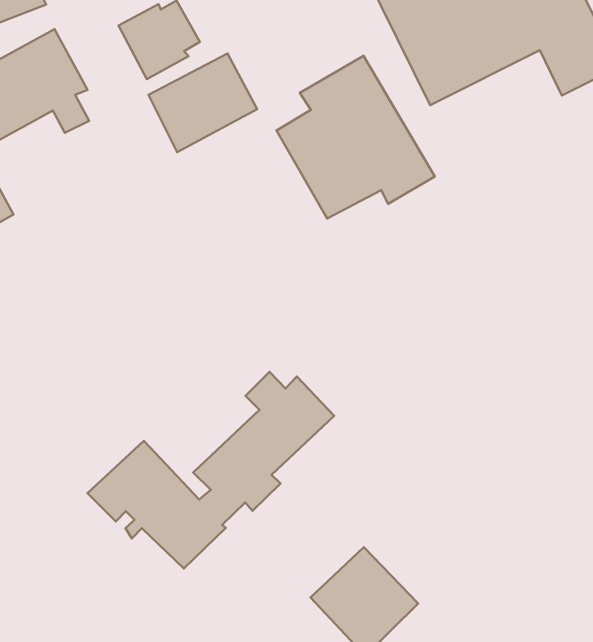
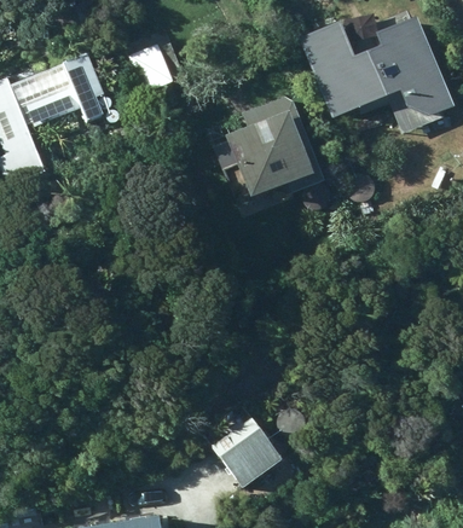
building: [148,54,257,152] -> none
building: [88,372,334,569] -> none

